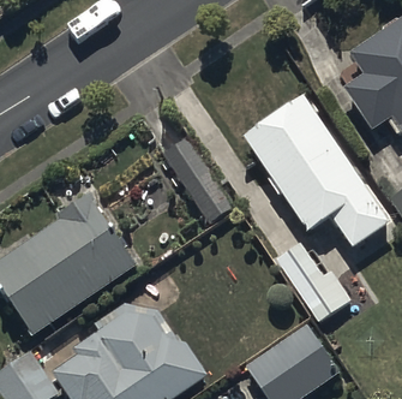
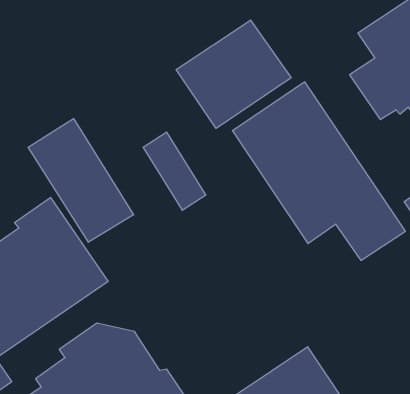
building: none -> [176,20,291,128]
building: none -> [28,119,134,242]
building: [274,240,350,321] -> none

